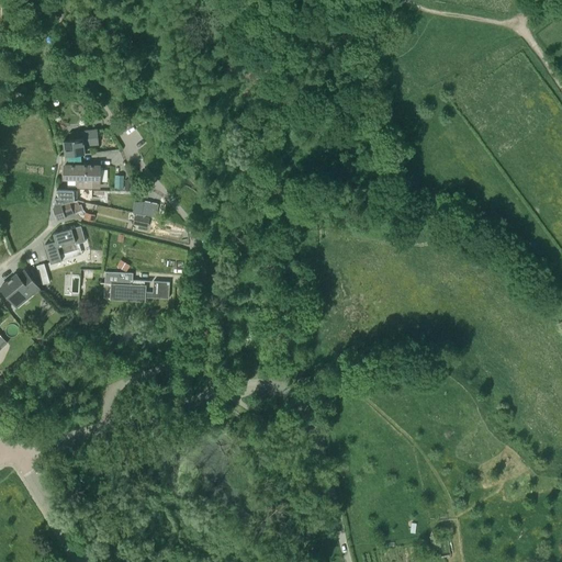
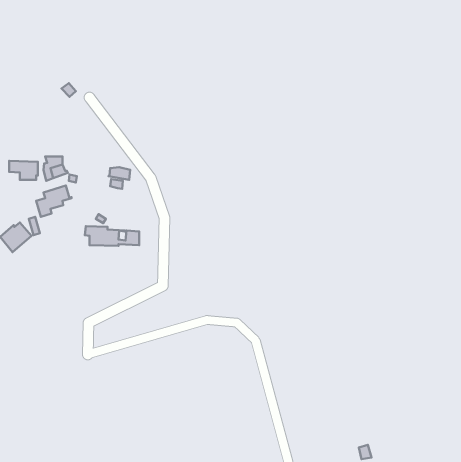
building: [63,130,98,156] -> none
building: [64,165,99,188] -> [9,161,38,180]

